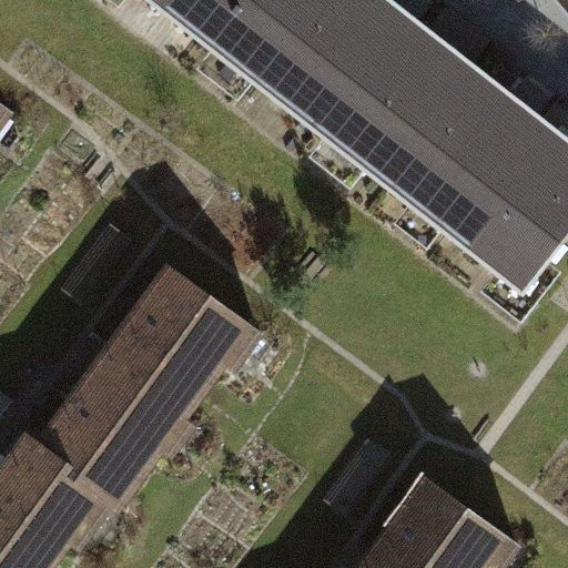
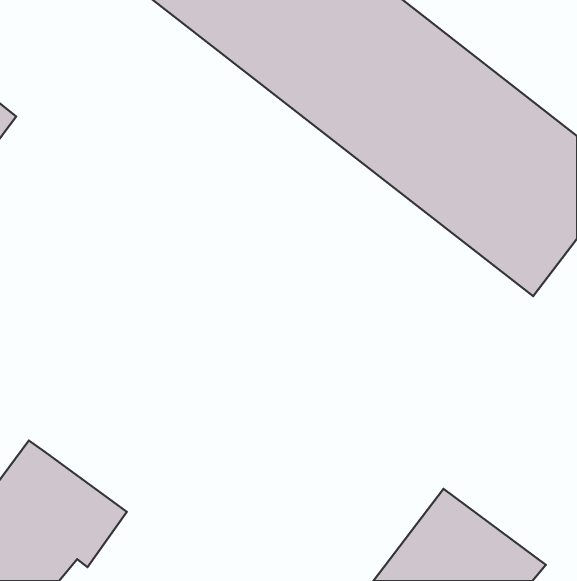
building: [43,258,268,499] -> none

